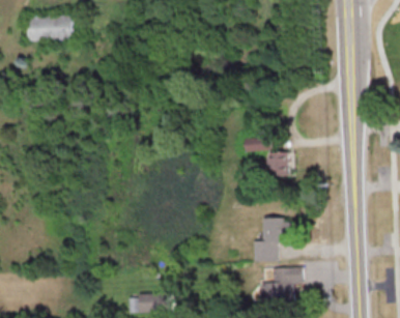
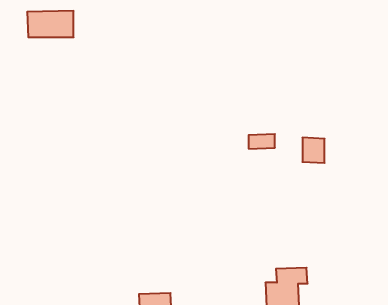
building: [268,151,290,176] -> [302,138,325,163]
building: [253,218,289,261] -> none

